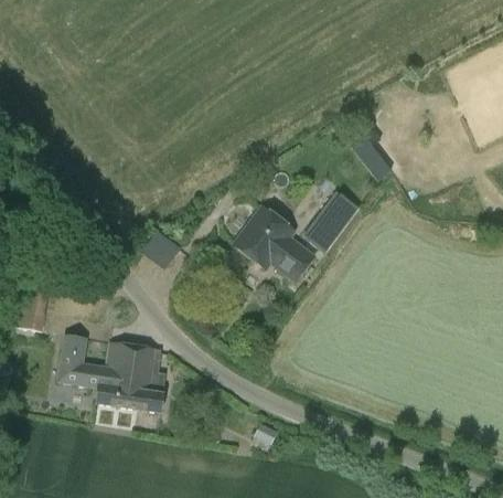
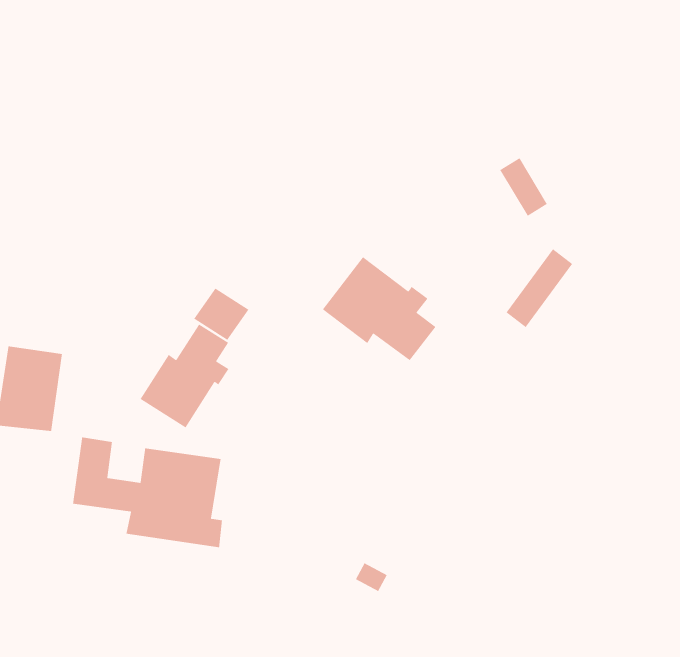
building: [310,195,357,252] -> [506,248,573,328]
building: none -> [139,324,230,428]

